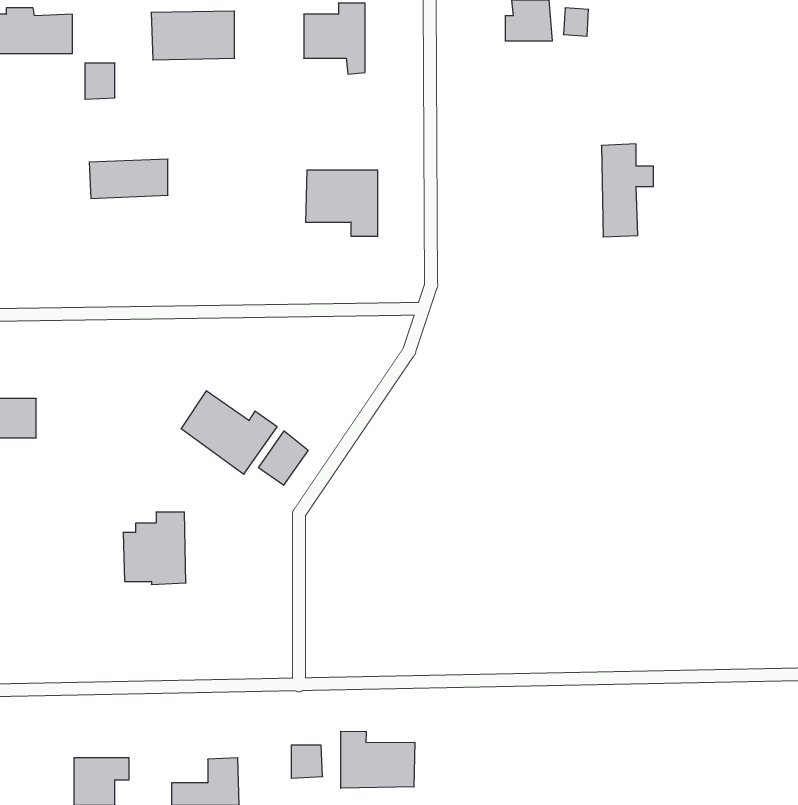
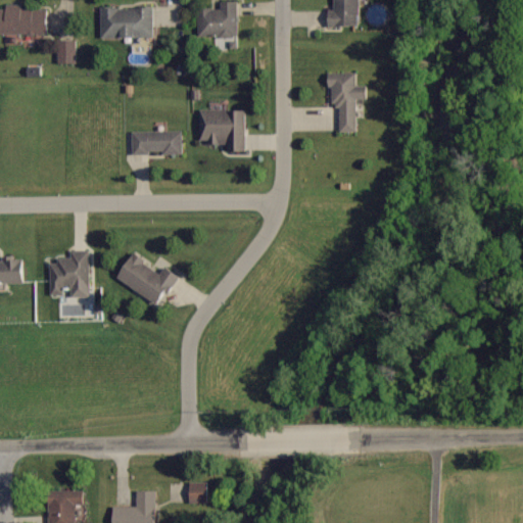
building: [601,144,653,237] -> [333,73,367,133]
building: [89,159,168,198] -> [131,131,182,156]
building: [258,431,308,485] -> none
building: [123,512,186,584] -> [48,251,89,298]
building: [341,731,415,788] -> none

